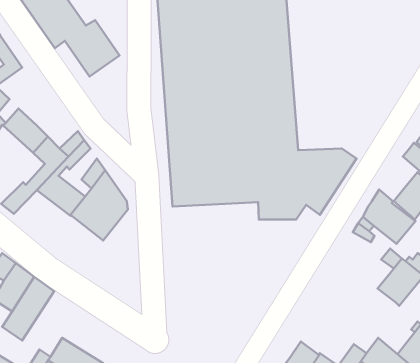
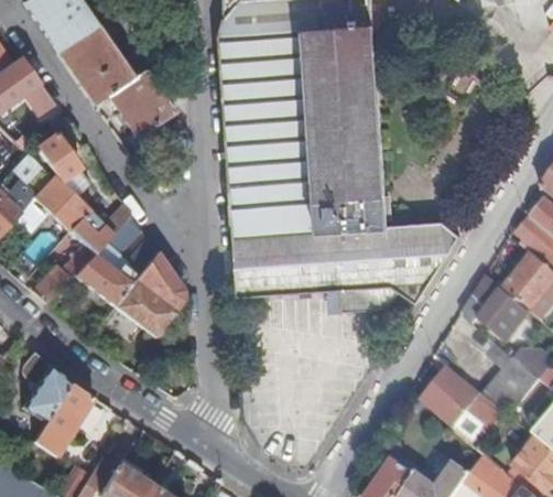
building: none -> [36,131,79,195]
building: none -> [423,364,507,440]

